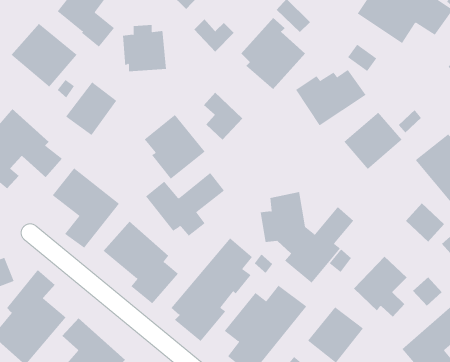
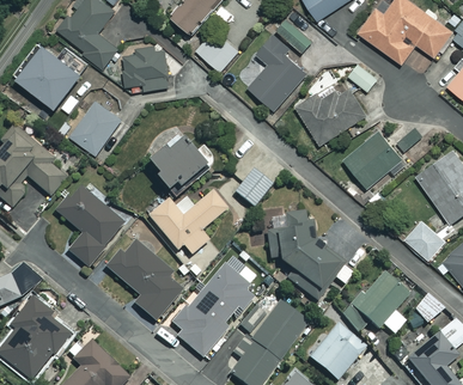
building: [203,92,243,140] -> [232,159,272,207]

